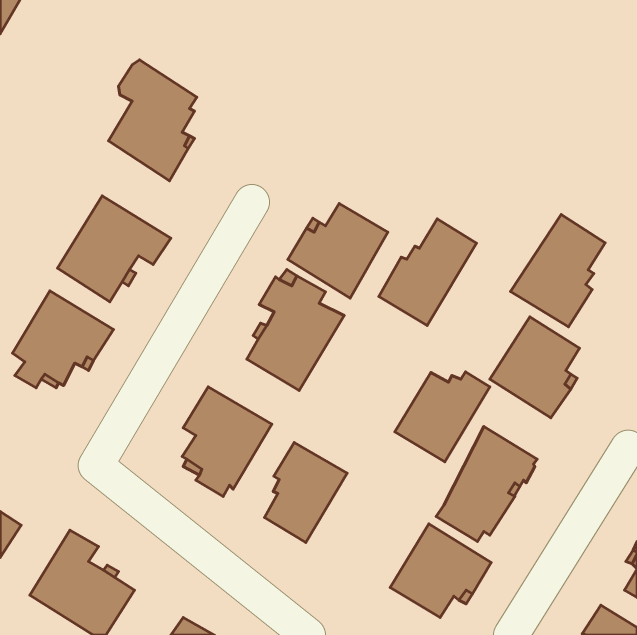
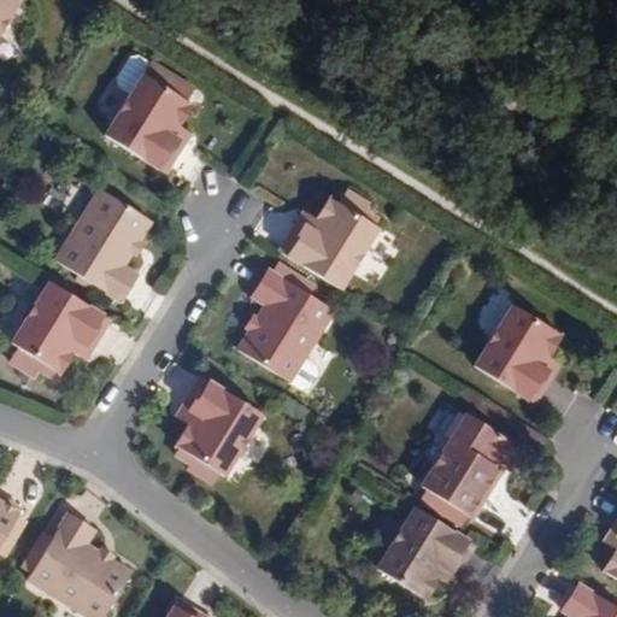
building: [510,214,605,327] -> none
building: [379,219,476,326] -> none
building: [395,372,490,462] -> none
building: [264,442,347,543] -> none

